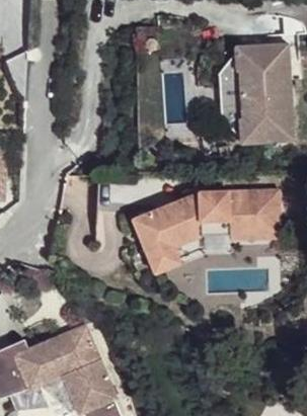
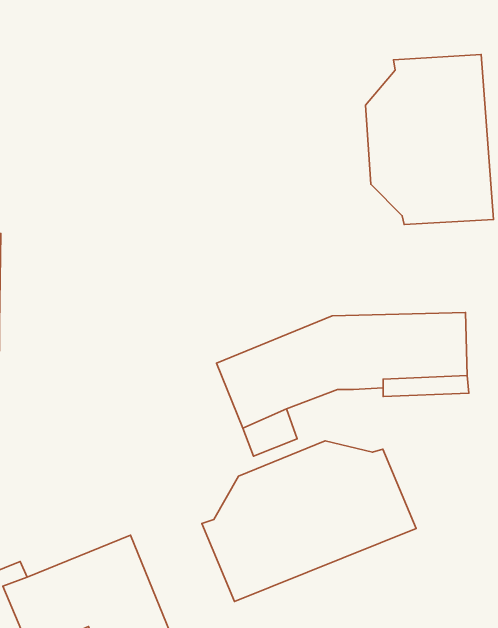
building: none -> [202,441,416,601]

